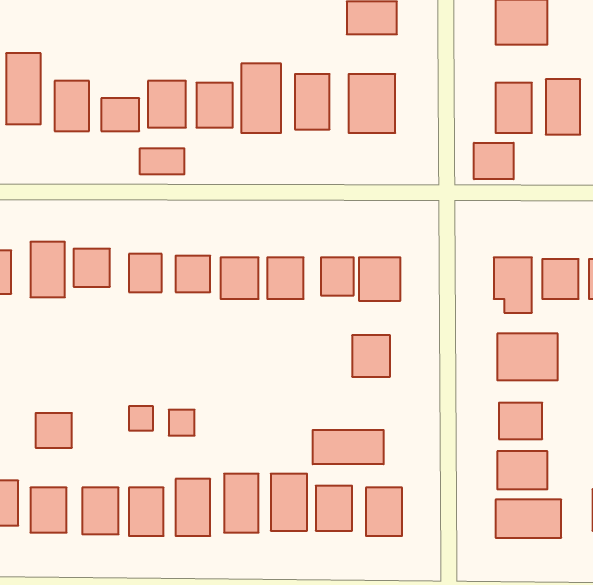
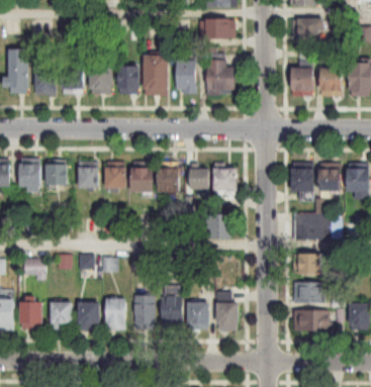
building: [474,143,514,179] -> none
building: [140,148,184,174] -> none
building: [313,430,384,464] -> none

